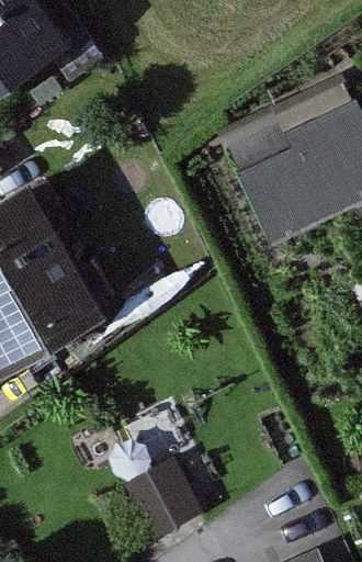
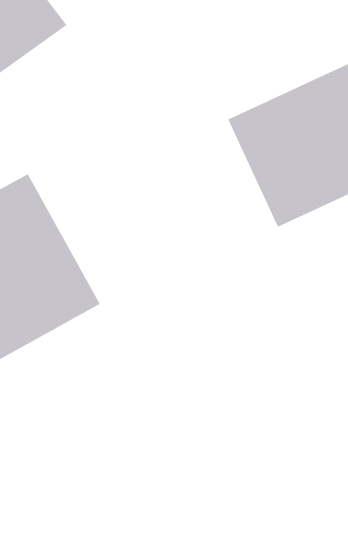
building: [128,461,211,546] -> none

